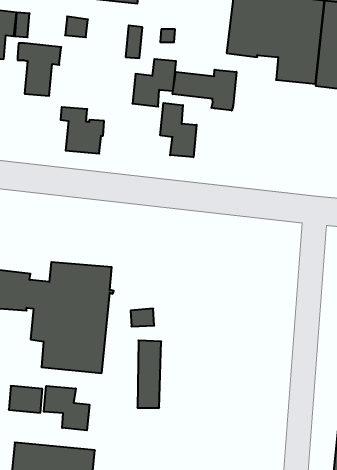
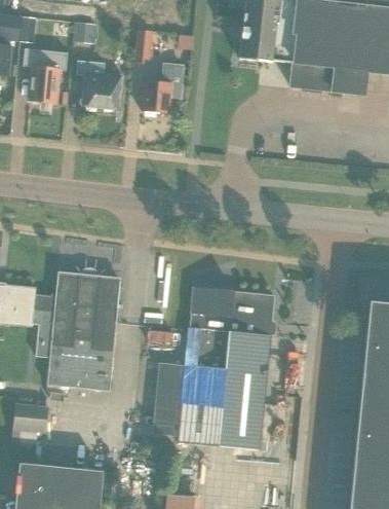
building: [173,70,236,111] -> none
building: [160,103,197,157] -> none
building: [61,107,104,154] -> [77,60,122,108]
building: none -> [178,286,274,449]
building: [44,386,89,430] -> none

